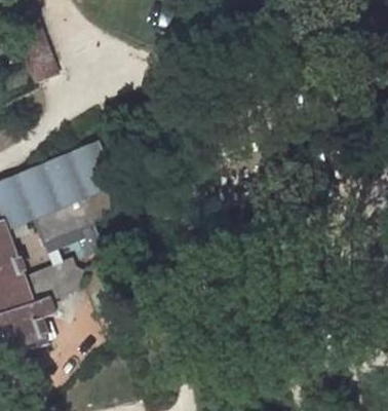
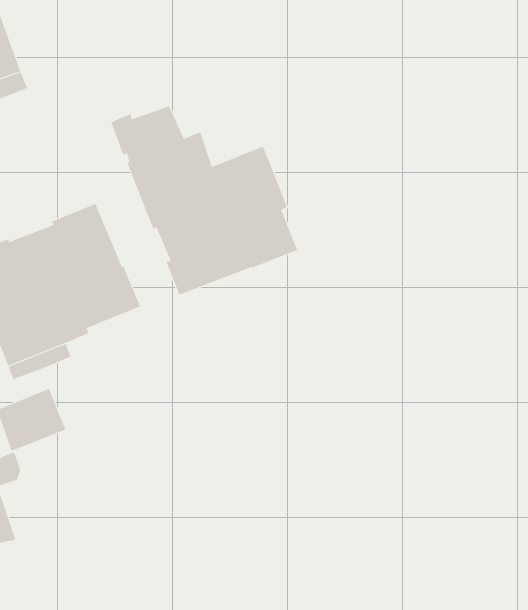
building: none -> [110,105,298,296]

